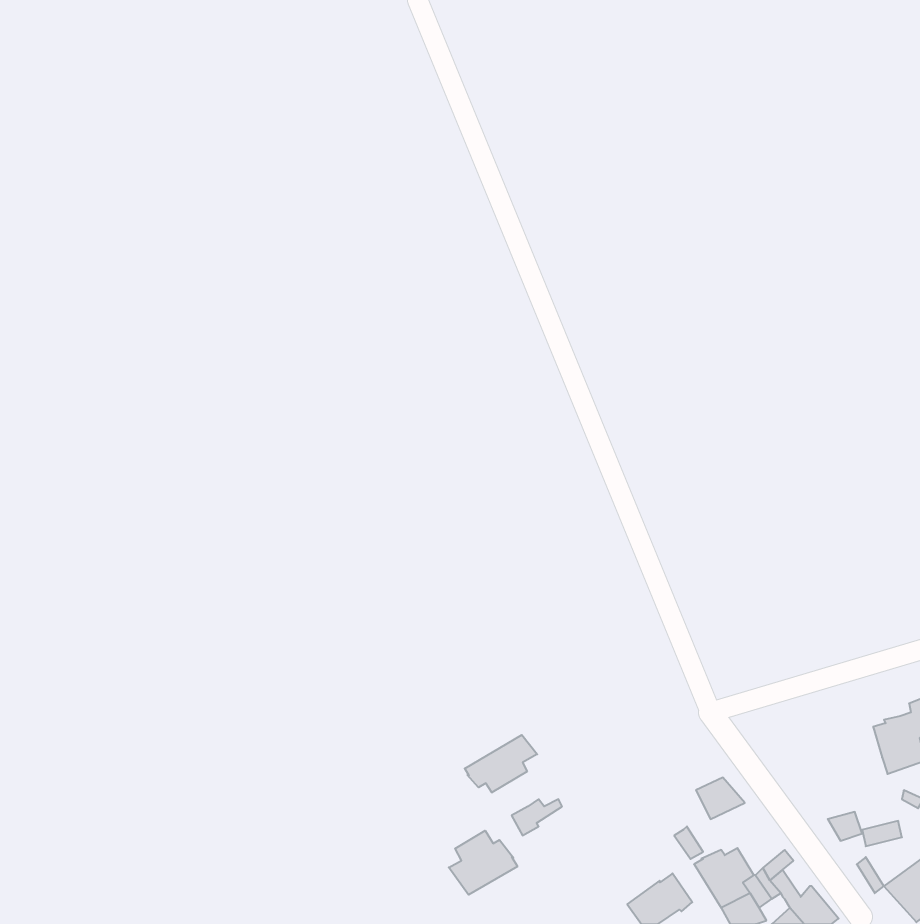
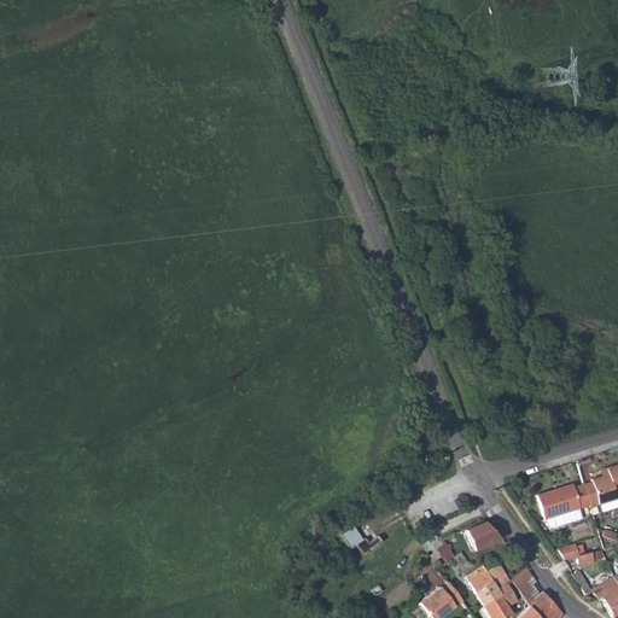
building: none -> [537,485,591,530]
building: [465,735,537,793] -> none
building: [449,831,517,895] -> none

